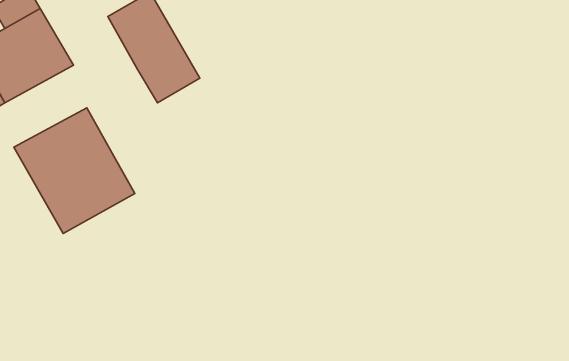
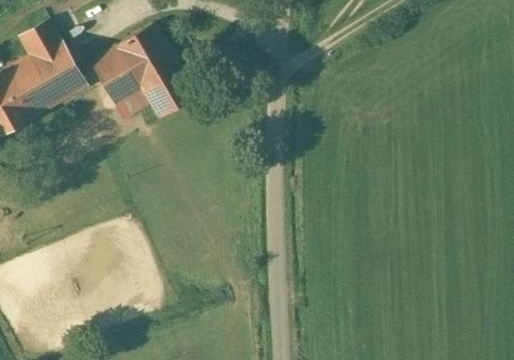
building: none -> [87,46,141,106]
building: [14,108,135,234] -> none

